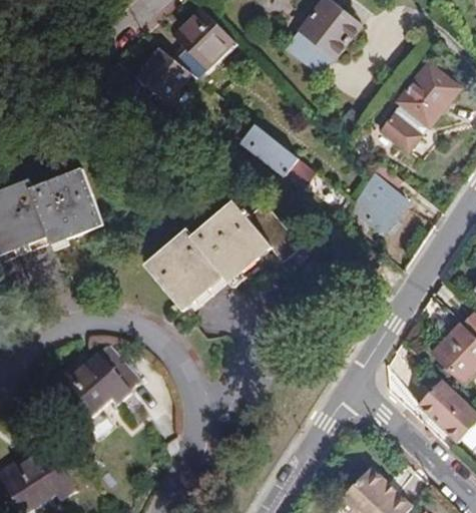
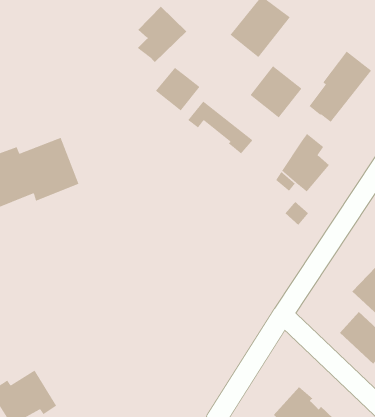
building: [135,49,190,103] -> [155,67,201,112]
building: none -> [250,65,302,118]
building: [142,199,302,311] -> none
building: [54,345,139,418] -> none

